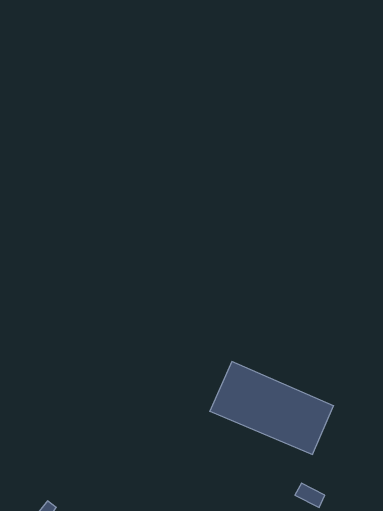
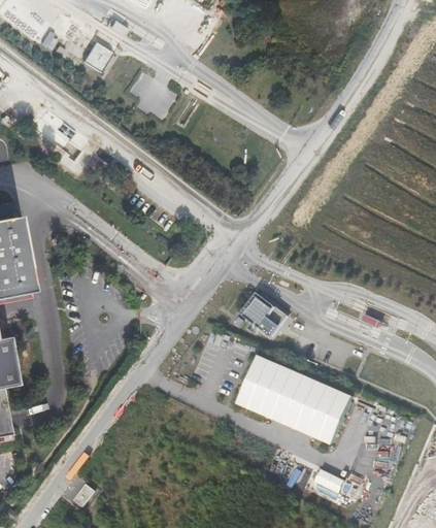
building: none -> [82,40,112,71]
building: none -> [240,291,288,335]

